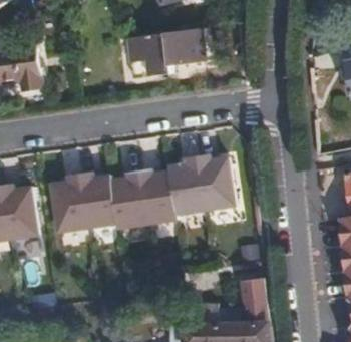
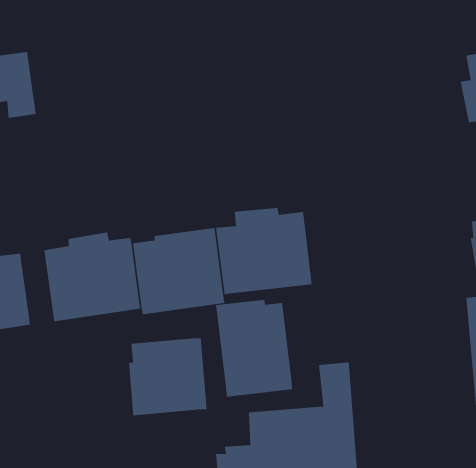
building: [129,29,208,82] -> none
building: none -> [216,299,292,397]
building: none -> [129,337,207,416]

